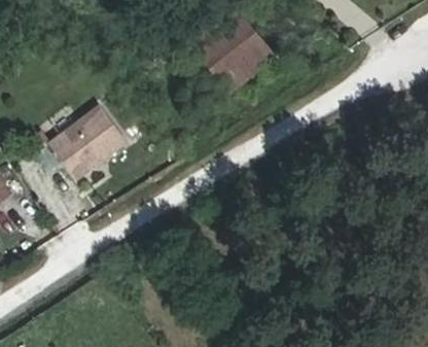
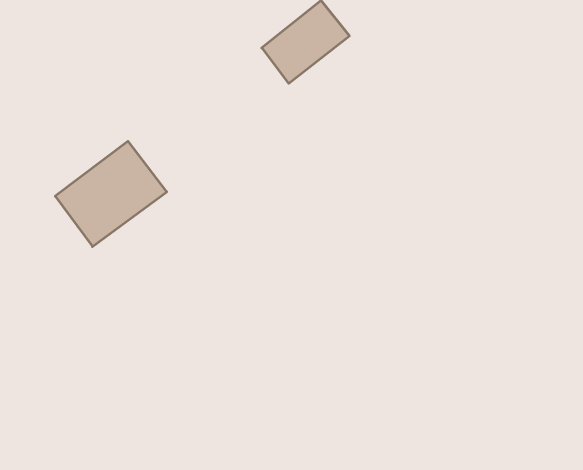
building: [211,32,273,89] -> none

